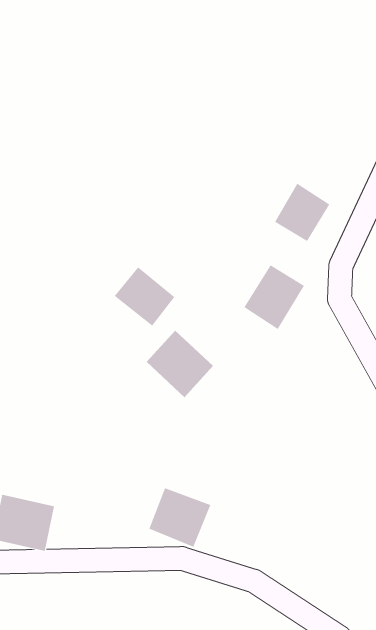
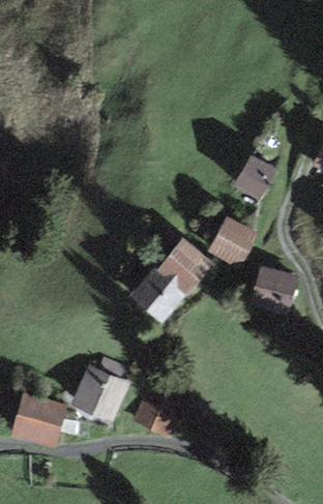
building: [114,266,175,327] -> [163,240,210,287]
building: none -> [253,271,290,306]
building: none -> [72,367,127,421]

